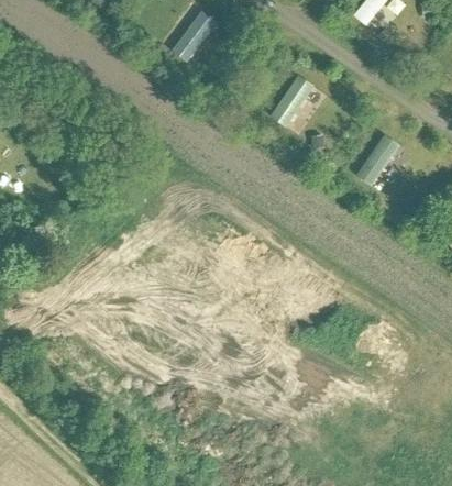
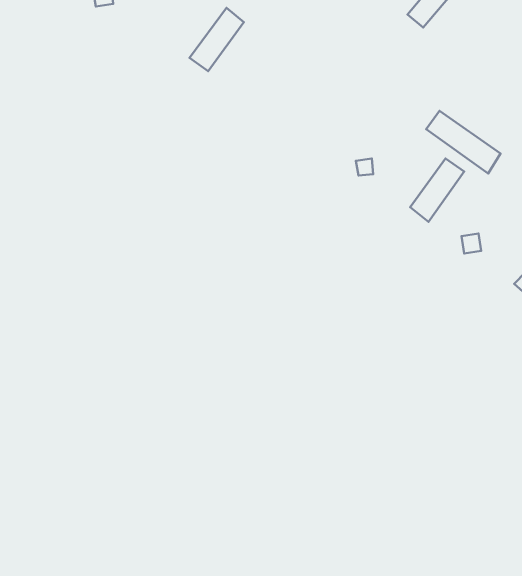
building: [271,75,315,128] -> none
building: none -> [426,111,501,173]

